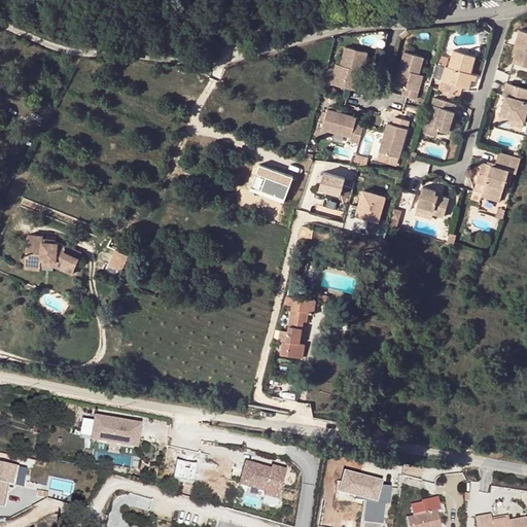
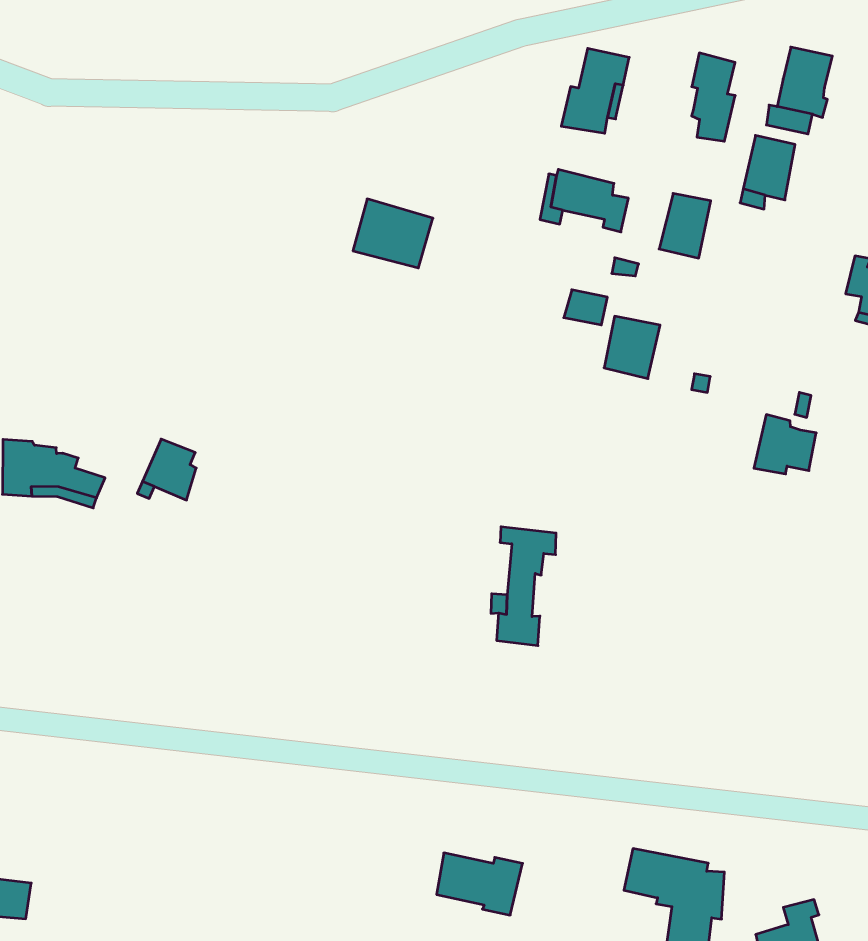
building: [250,163,293,201] -> [353,199,433,268]
building: [416,188,450,220] -> [754,415,816,474]
building: [93,419,142,450] -> none

